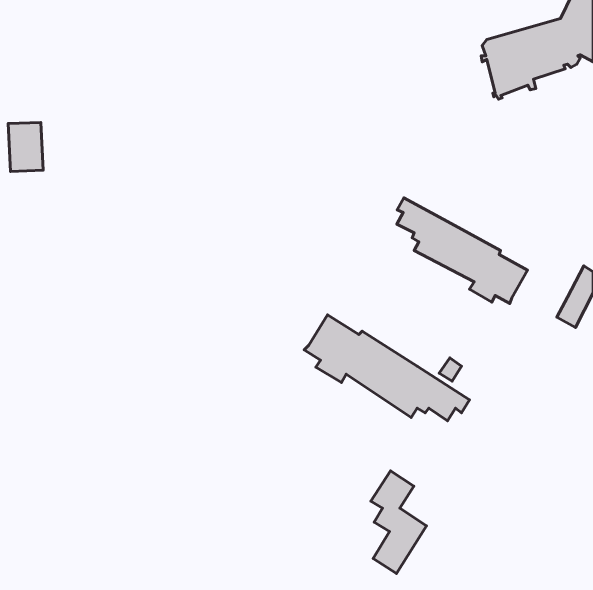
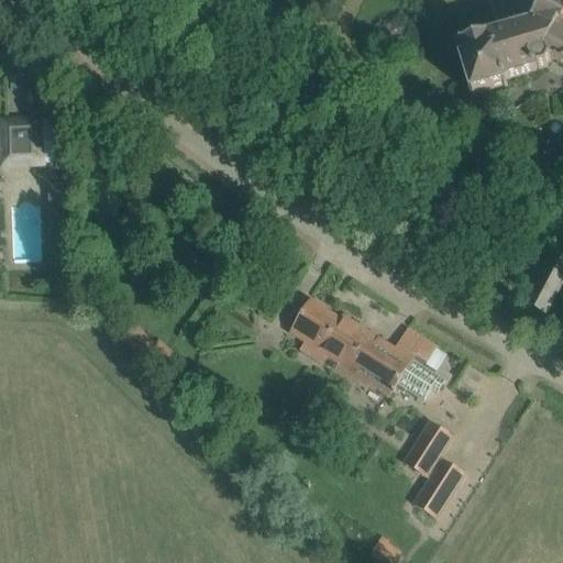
building: [397,198,527,303] -> none
building: [371,471,427,574] -> [410,419,463,516]

